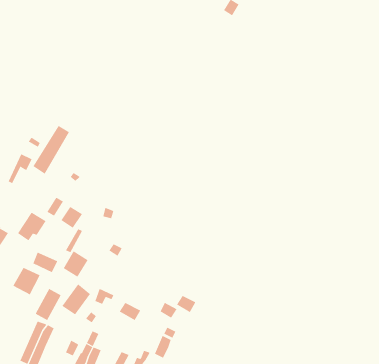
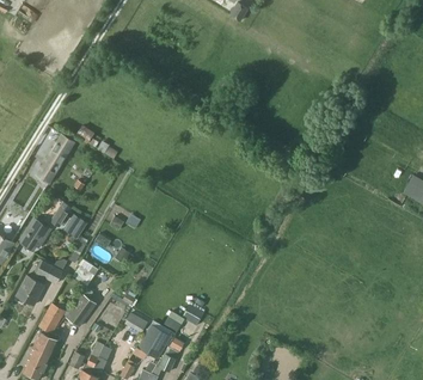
building: none -> [137,324,170,358]

